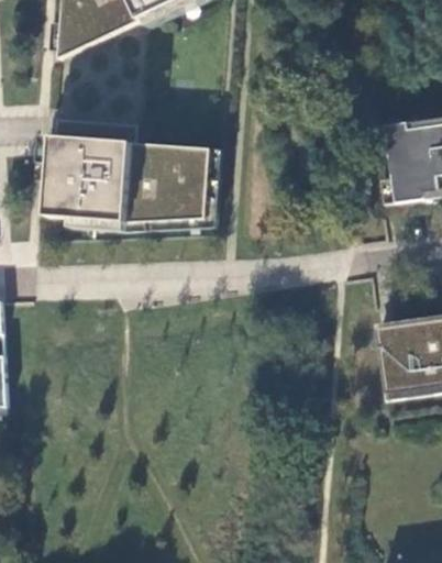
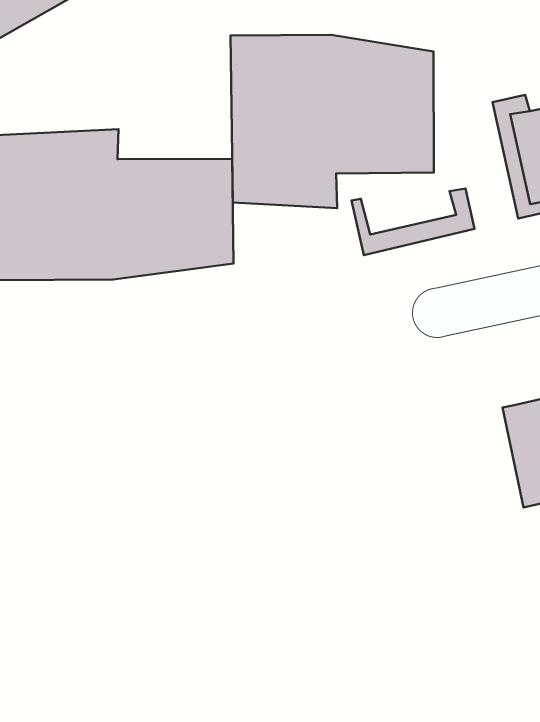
building: none -> [231,35,434,208]
building: none -> [351,189,475,255]

